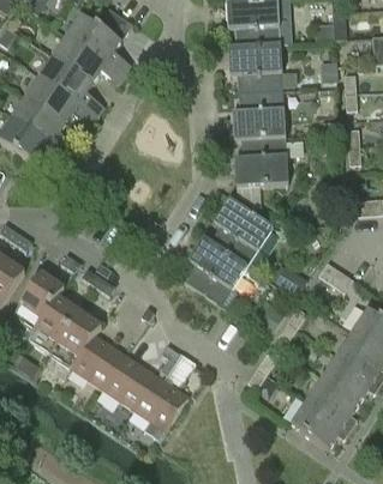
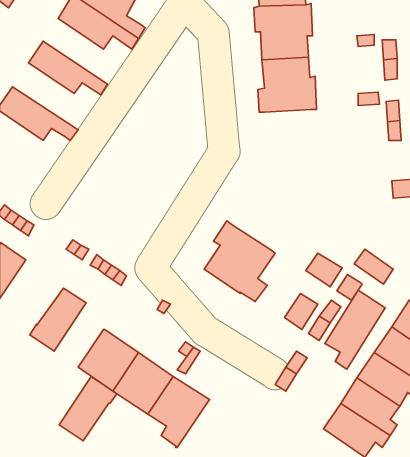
building: [40,55,104,114] -> none
building: [12,95,77,155] -> none
building: [234,137,287,186] -> none
building: [209,198,271,261] -> none
building: [12,271,64,329] -> none
building: none -> [325,290,385,369]
building: [49,309,101,367] -> [59,376,117,441]

